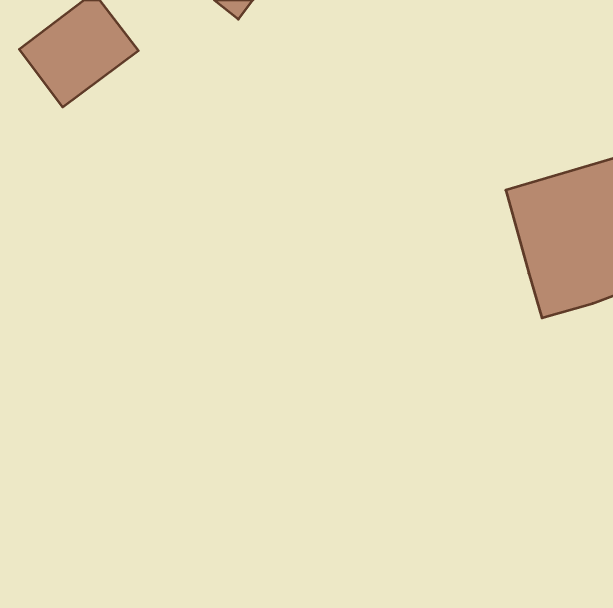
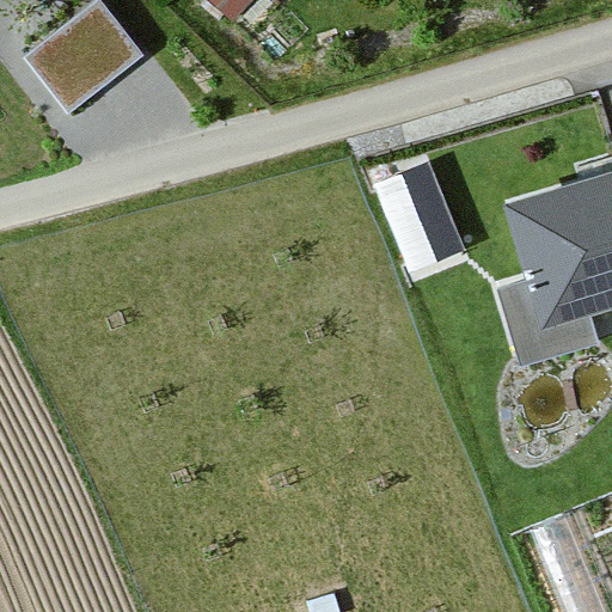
building: none -> [377,164,467,275]
building: none -> [498,279,601,367]

